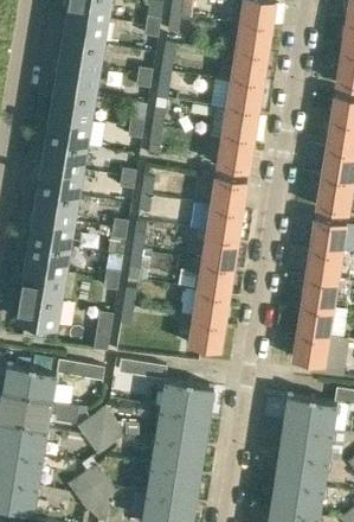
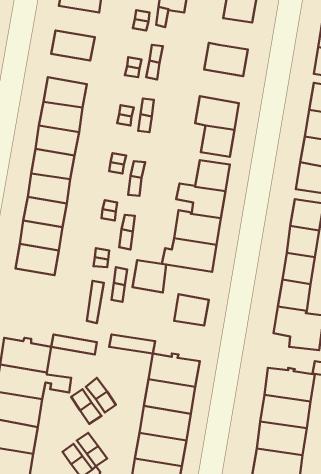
building: [62,12,108,45] -> none
building: [234,25,270,58] -> none
building: [53,63,98,95] -> none
building: [214,79,260,115] -> none
building: [192,289,227,324] -> [133,260,166,293]
building: [15,291,60,338] -> none

